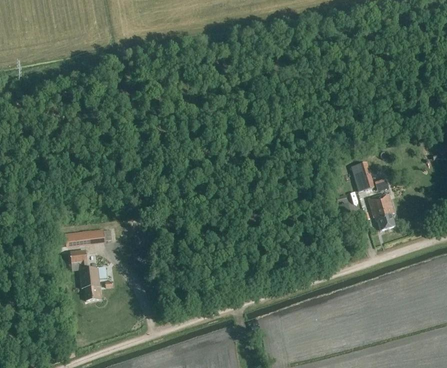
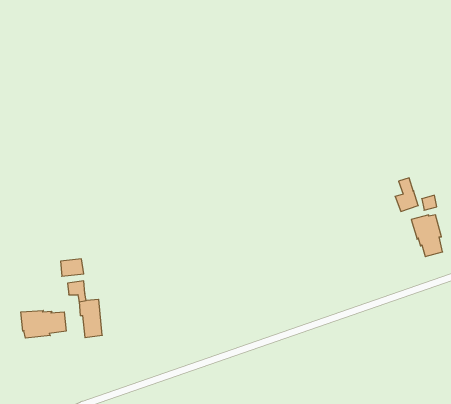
building: none -> [21,310,66,338]

